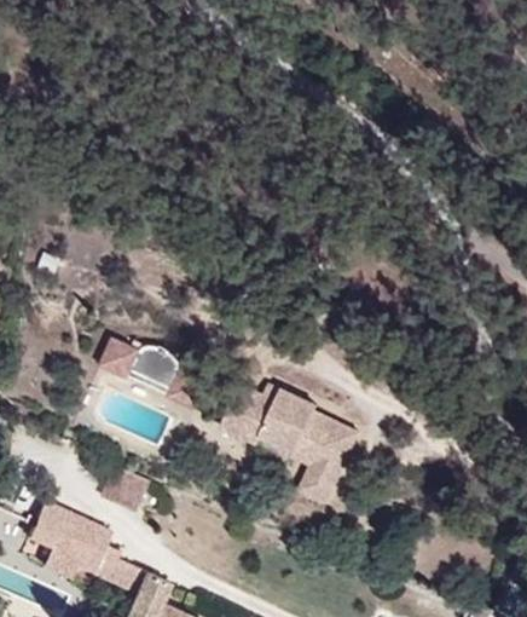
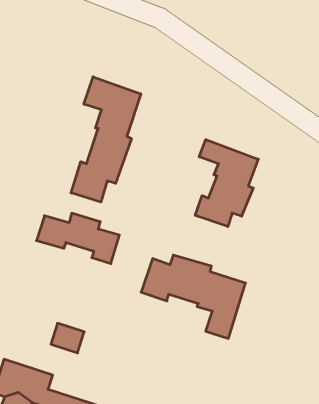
building: none -> [71,77,141,202]
building: none -> [195,140,258,227]

